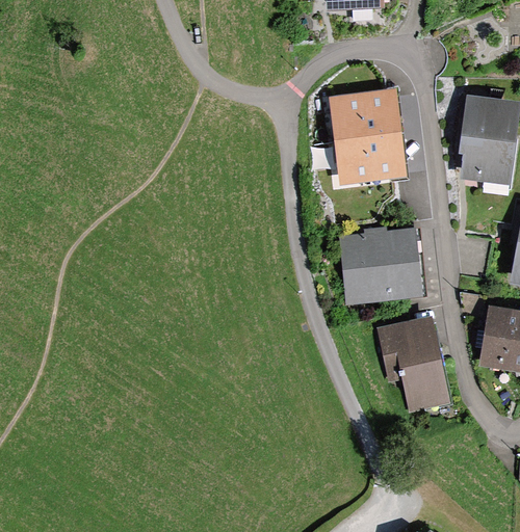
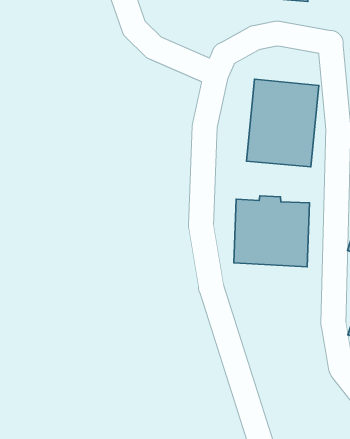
building: [378,315,452,410] -> none

